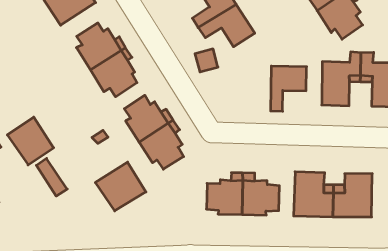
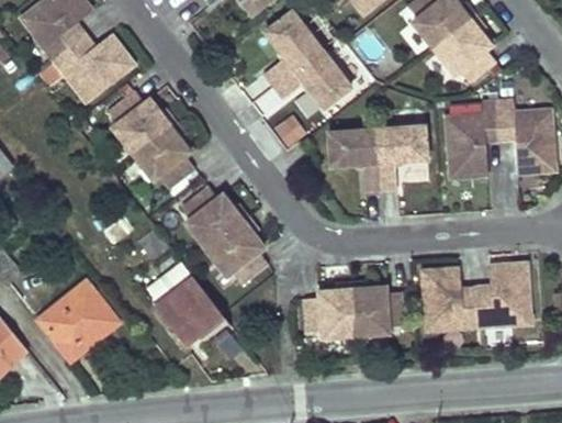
building: none -> [330,130,382,192]
building: [7,117,54,165] -> [35,293,100,359]

